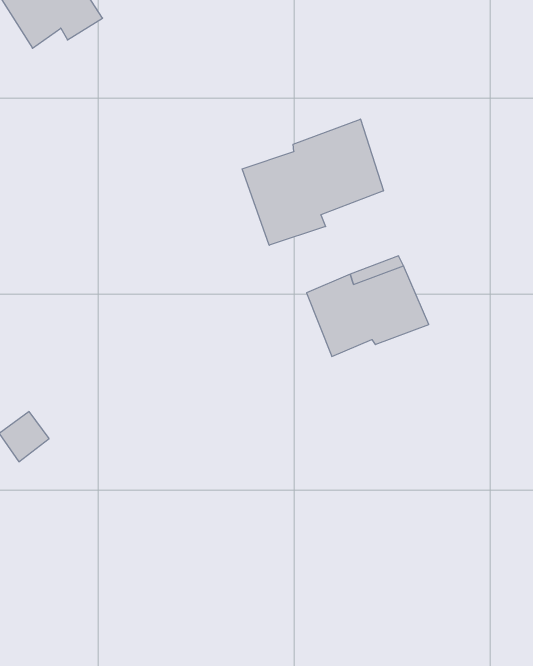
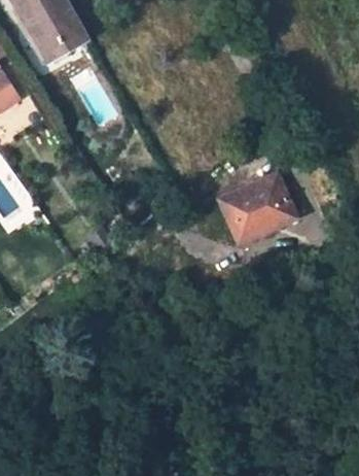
building: [242,119,383,245] -> none

